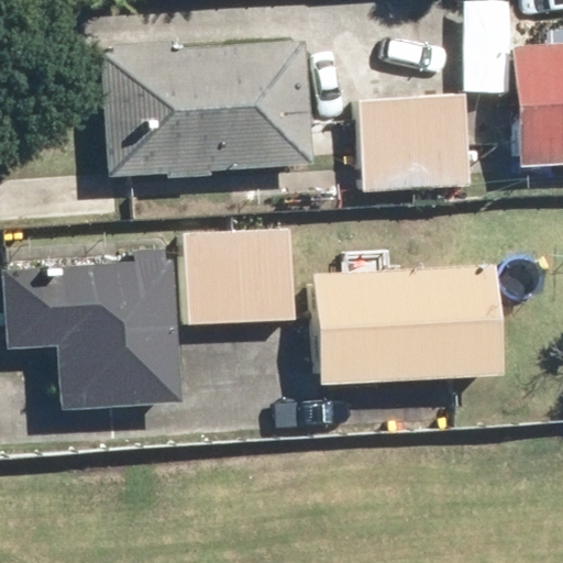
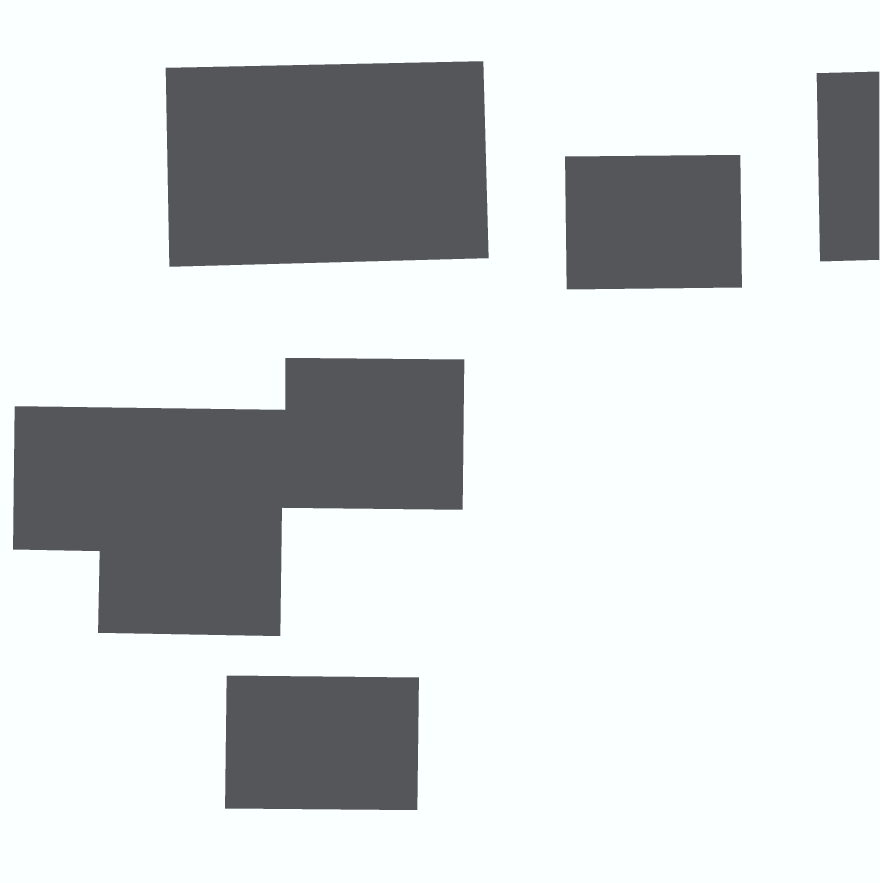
building: [310,245,509,383] -> none
building: none -> [224,675,419,811]

